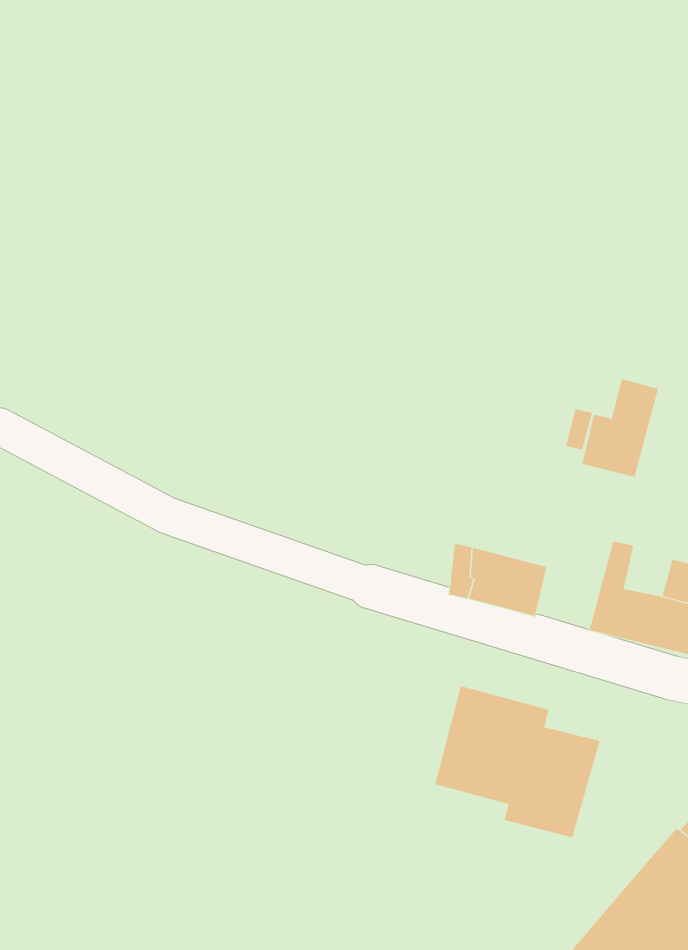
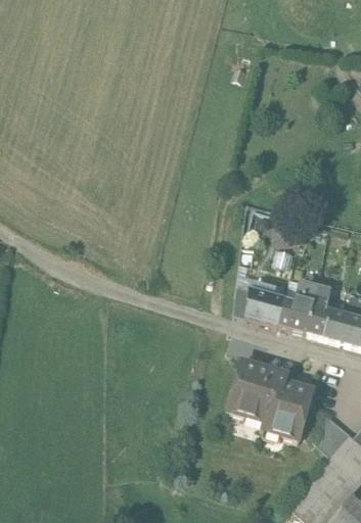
building: [582,379,659,478] -> [280,281,320,332]
building: none -> [314,414,353,457]

